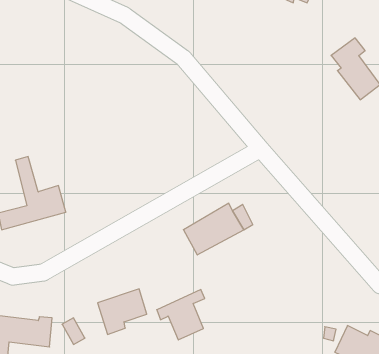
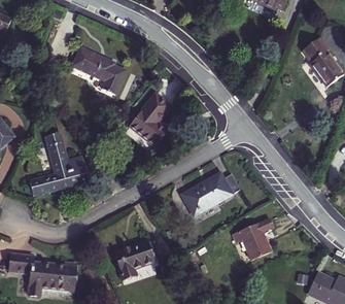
building: none -> [75,47,125,93]
building: none -> [132,95,171,143]
building: [157,290,205,340] -> [233,217,272,259]

